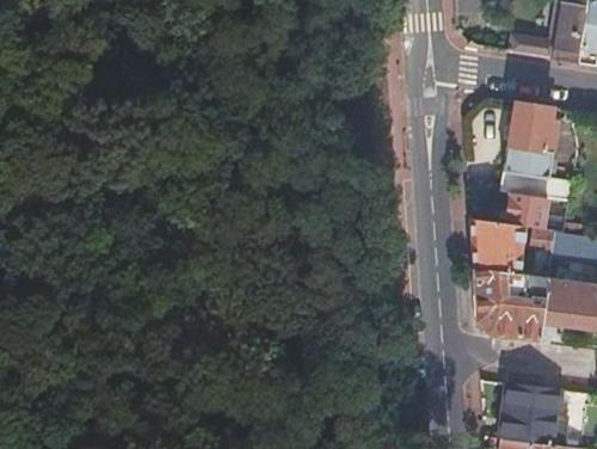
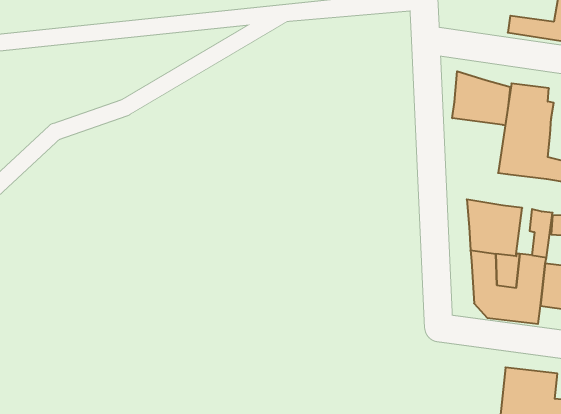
building: none -> [452,71,510,126]
building: [505,192,548,229] -> none

